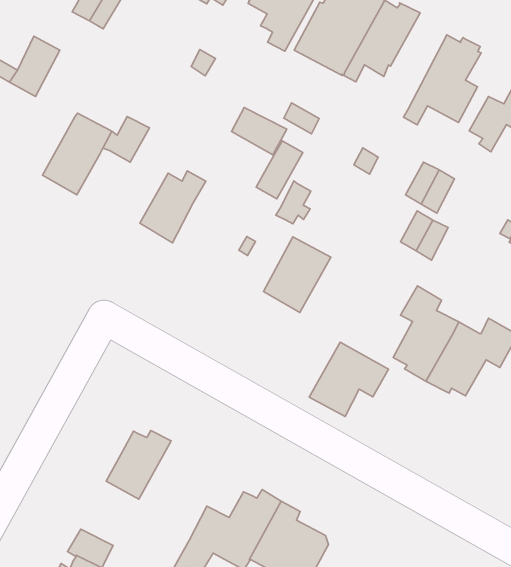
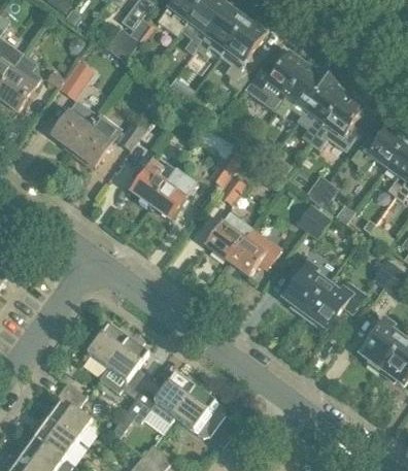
building: none -> [297,76,345,141]
building: none -> [50,98,98,149]
building: none -> [150,164,199,217]
building: [309,342,388,416] -> [227,227,280,275]
building: none -> [100,332,150,398]

